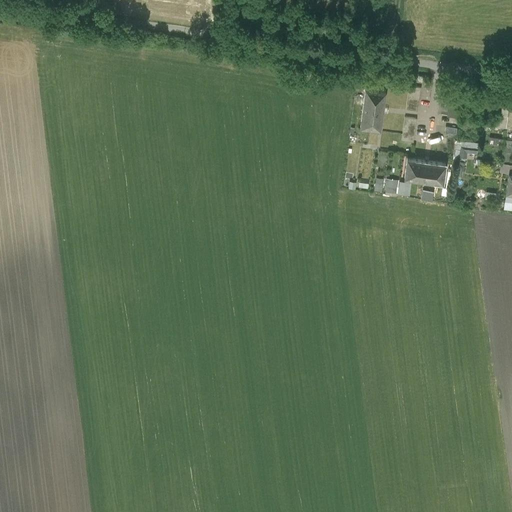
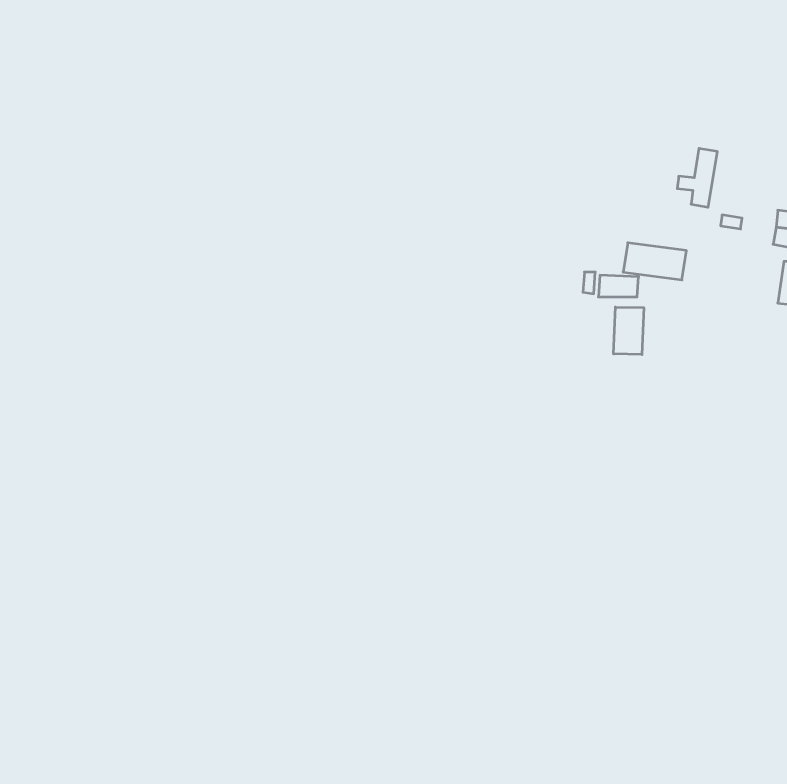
building: [361,91,386,133] -> none
building: none -> [614,307,644,355]

